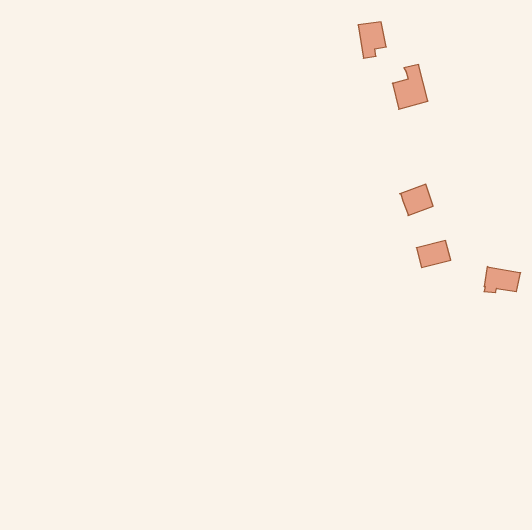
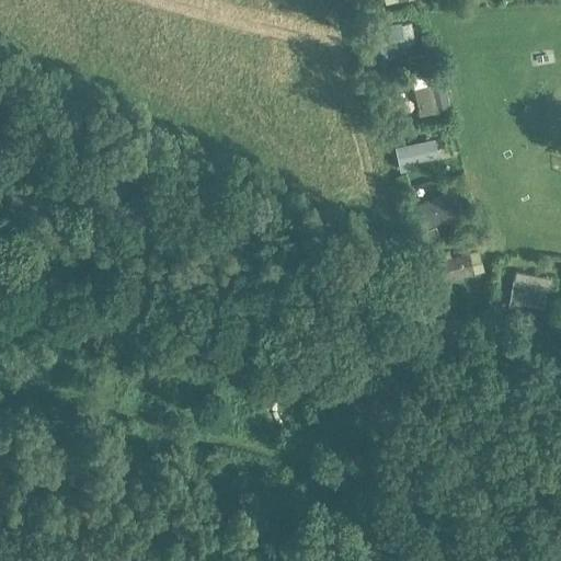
building: none -> [396,141,437,172]

